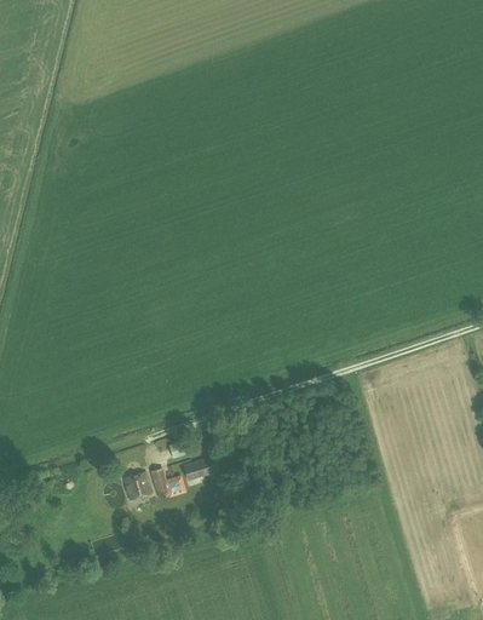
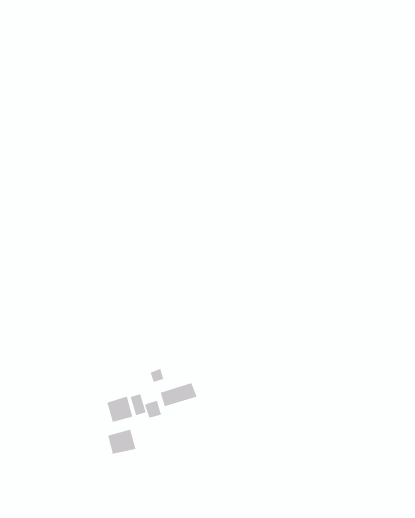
building: none -> [108,429,136,455]

